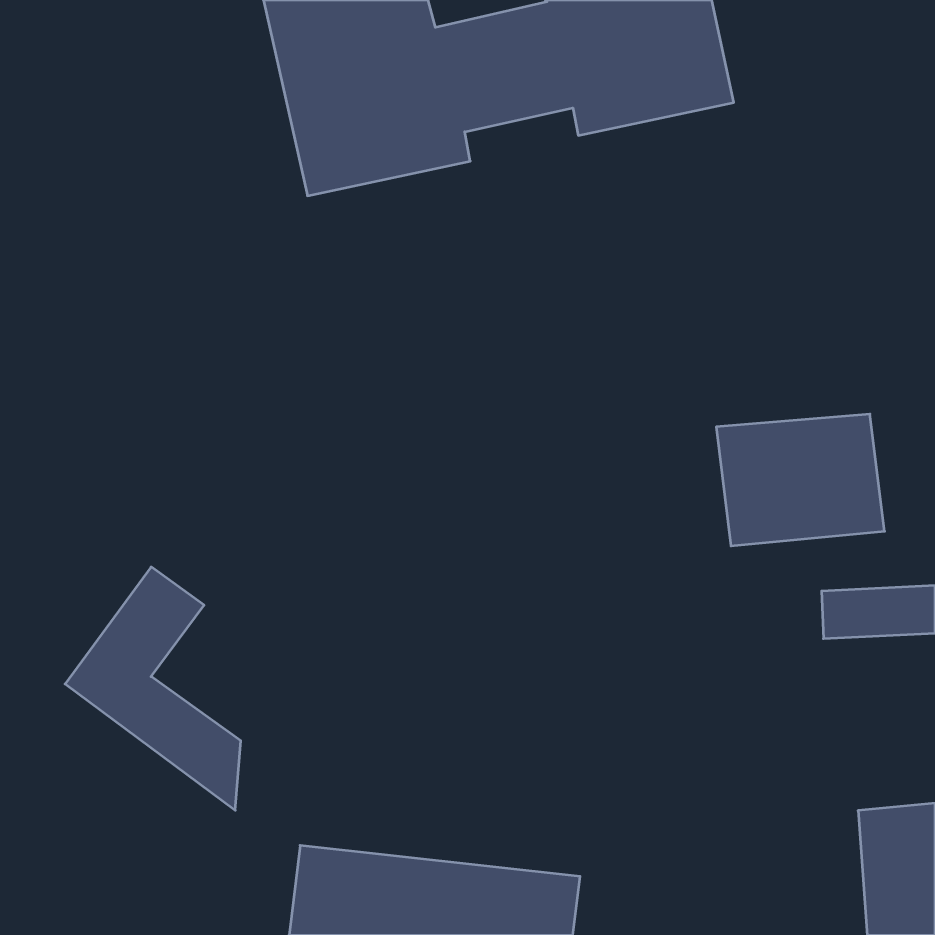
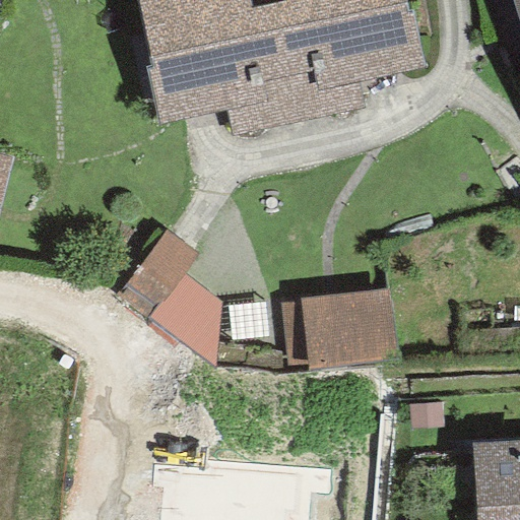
building: [716,414,885,546] -> [301,289,394,363]
building: [65,567,241,810] -> [118,229,215,364]

